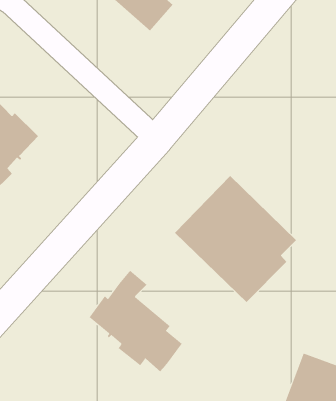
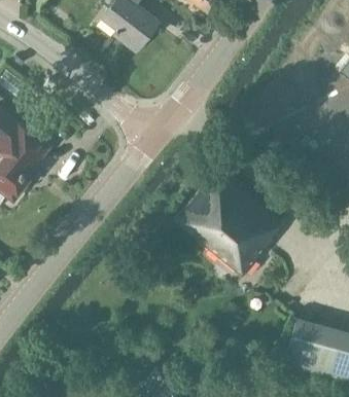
building: [89,270,183,372] -> none

